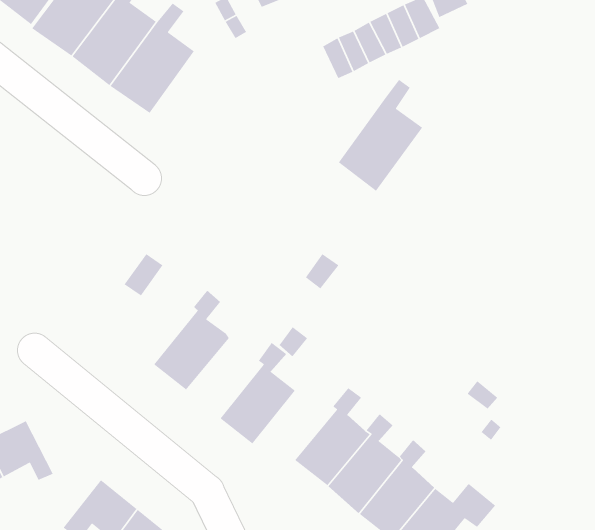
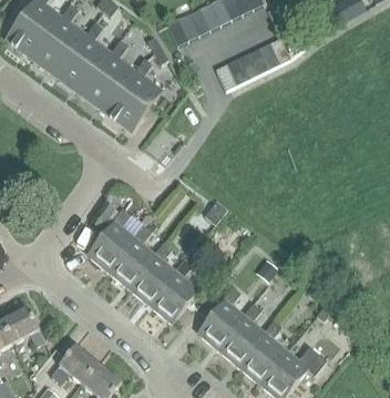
building: [338,79,423,192] -> [105,59,160,131]
building: none -> [86,208,135,272]
building: none -> [129,241,177,306]

